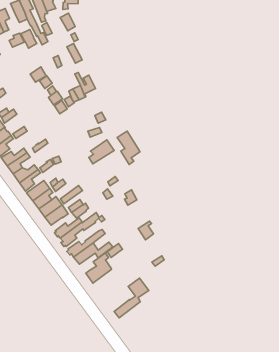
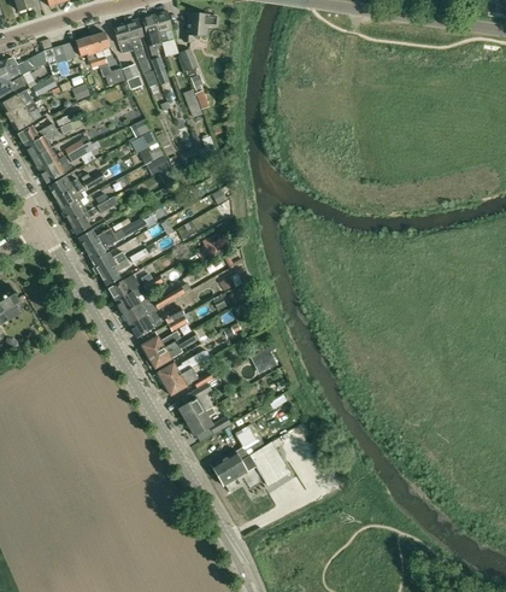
building: [117,131,140,165] -> none
building: none -> [187,408,231,436]
building: none -> [218,442,290,487]

